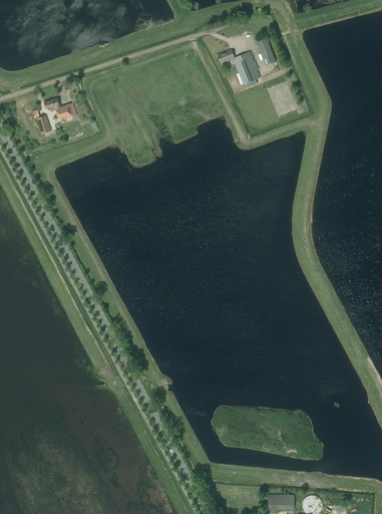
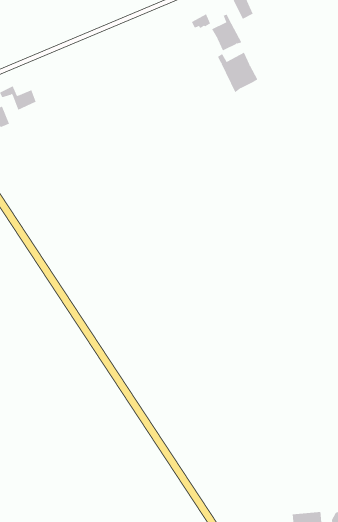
building: none -> [217,52,258,93]

